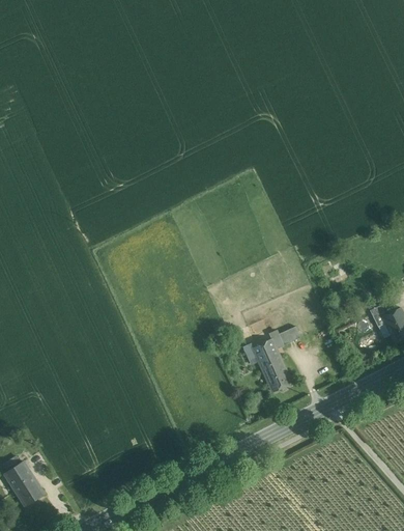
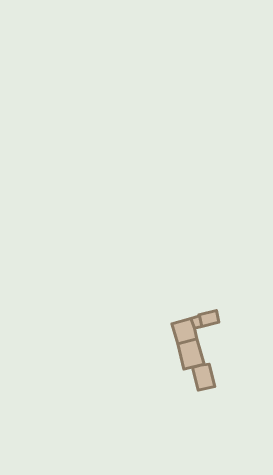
building: none -> [193,364,215,390]

